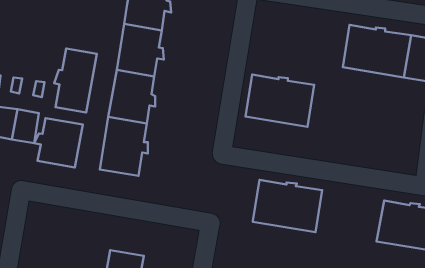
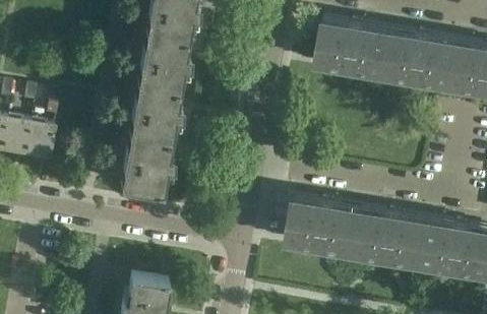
building: [54,49,97,112] -> none
building: [246,74,314,127] -> [317,23,391,80]
building: [34,118,83,167] -> none
building: none -> [355,213,429,269]

